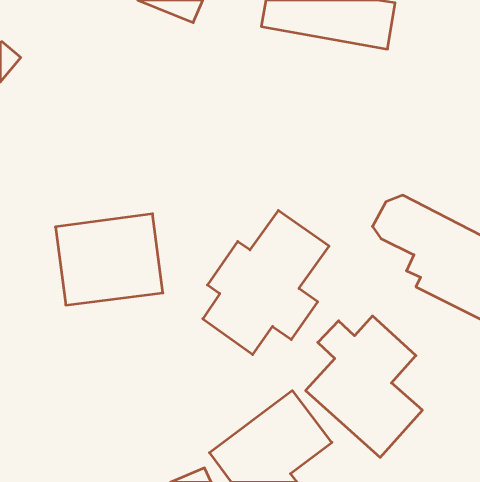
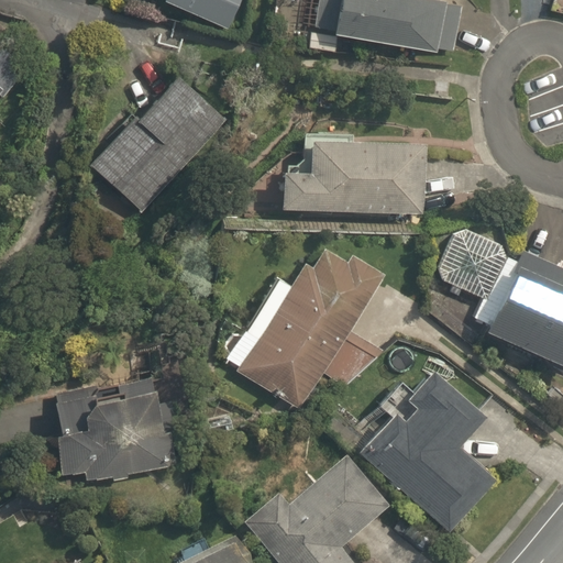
building: none -> [96,74,227,207]
building: none -> [279,137,424,221]
building: [55,214,163,305] -> [58,373,184,479]

